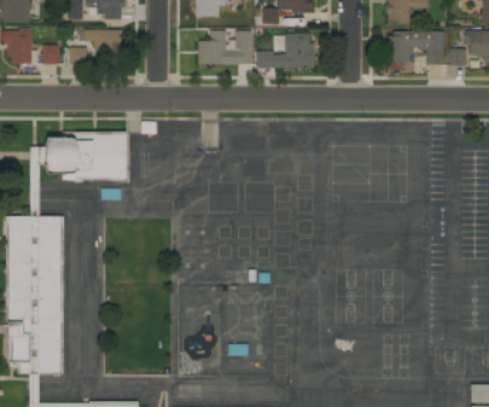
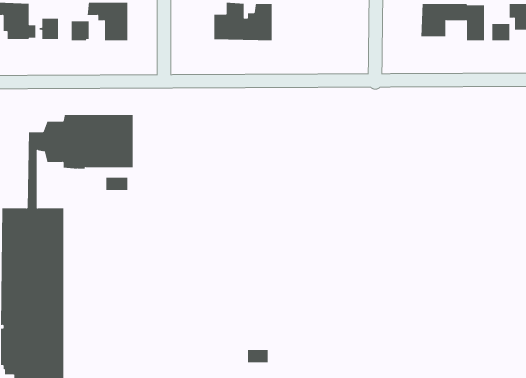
building: [257,34,315,68] -> none

